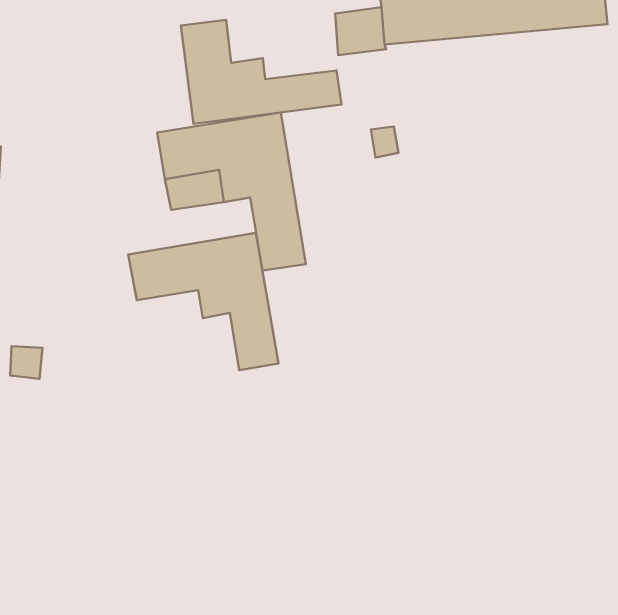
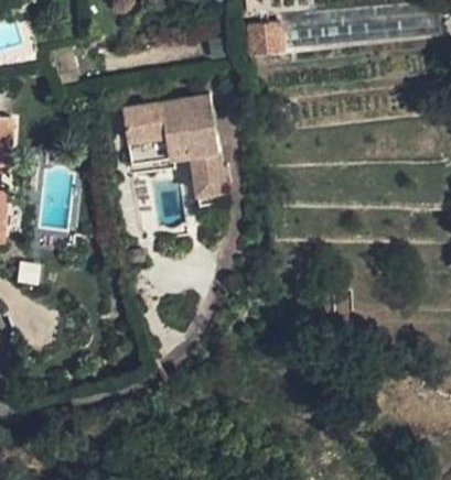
building: [181,20,342,124] -> none
building: [128,233,278,370] -> none

